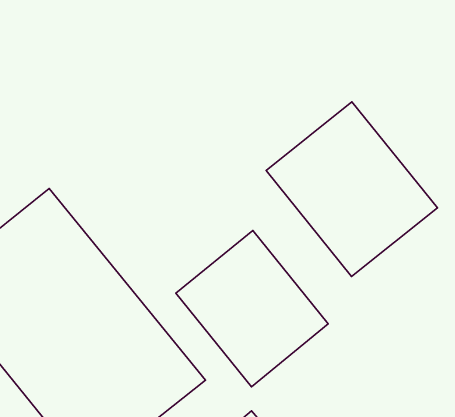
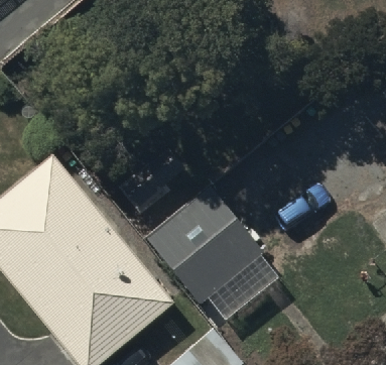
building: [266,102,437,276] -> none

